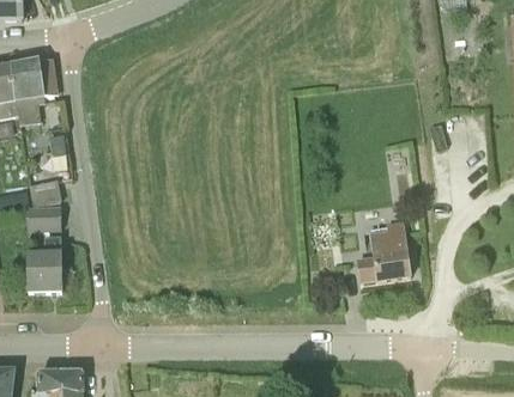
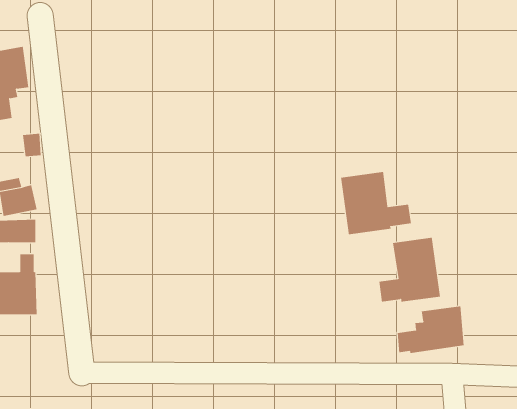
building: none -> [341,171,411,235]
building: none -> [397,305,464,354]

